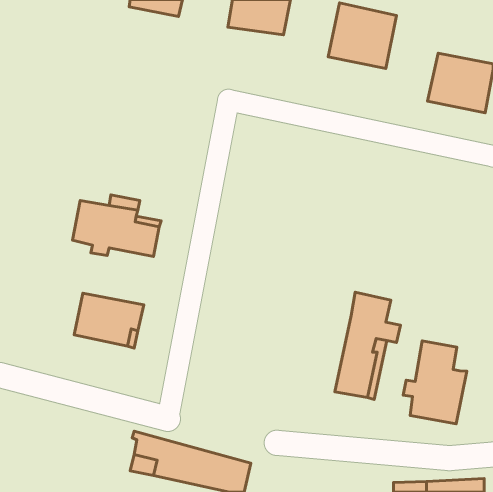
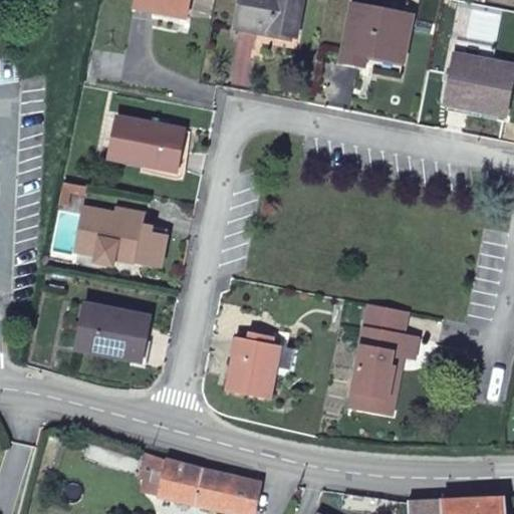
building: none -> [111,118,183,170]
building: none -> [228,337,295,400]
building: [403,341,467,424] -> none

